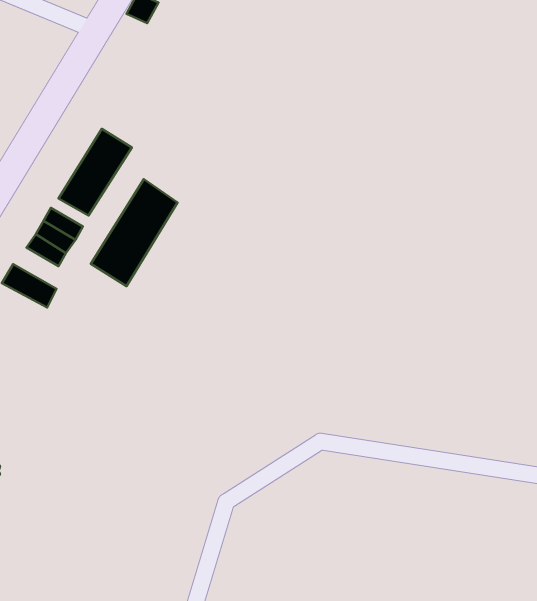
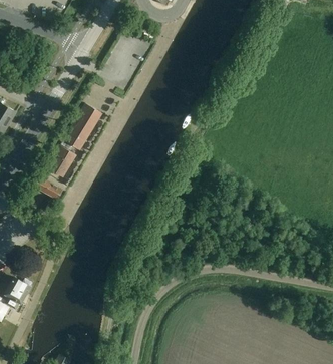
building: [91,179,178,286] -> none

